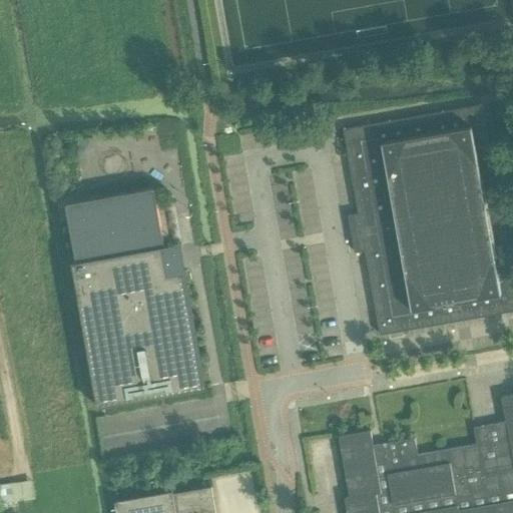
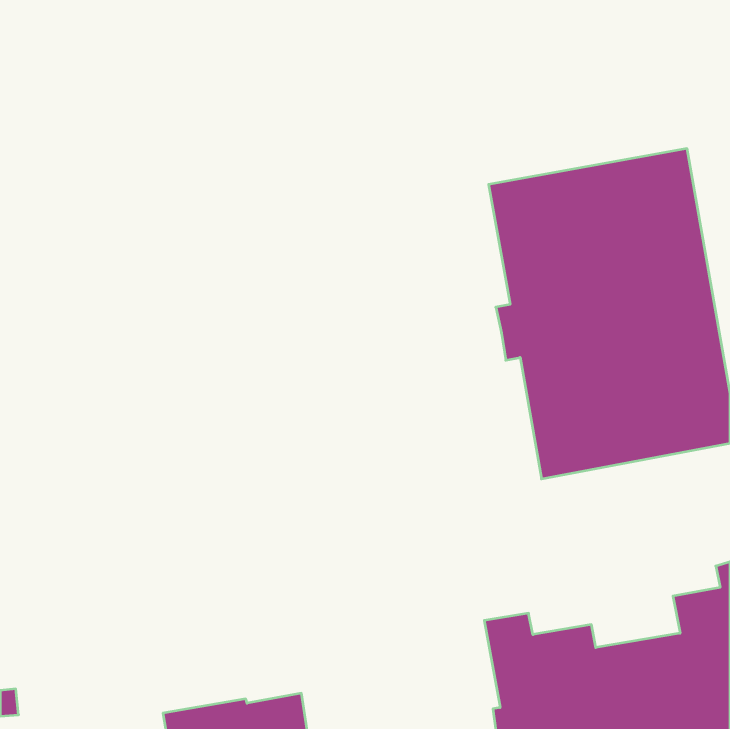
building: [66,188,203,409] -> none

